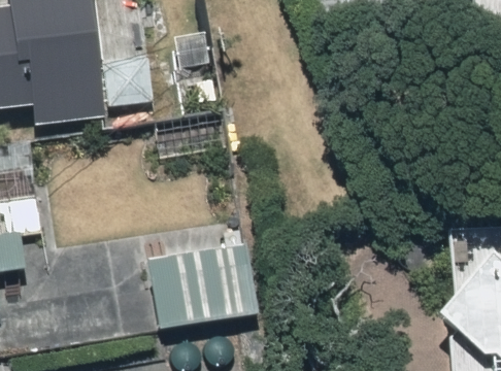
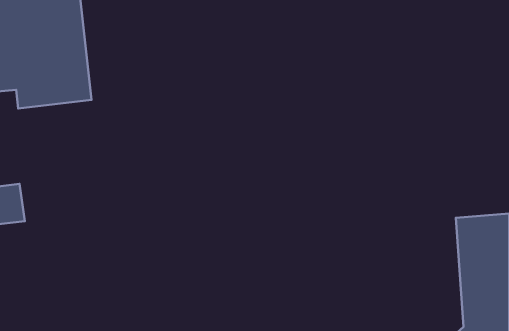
building: [147,243,256,326] -> none

